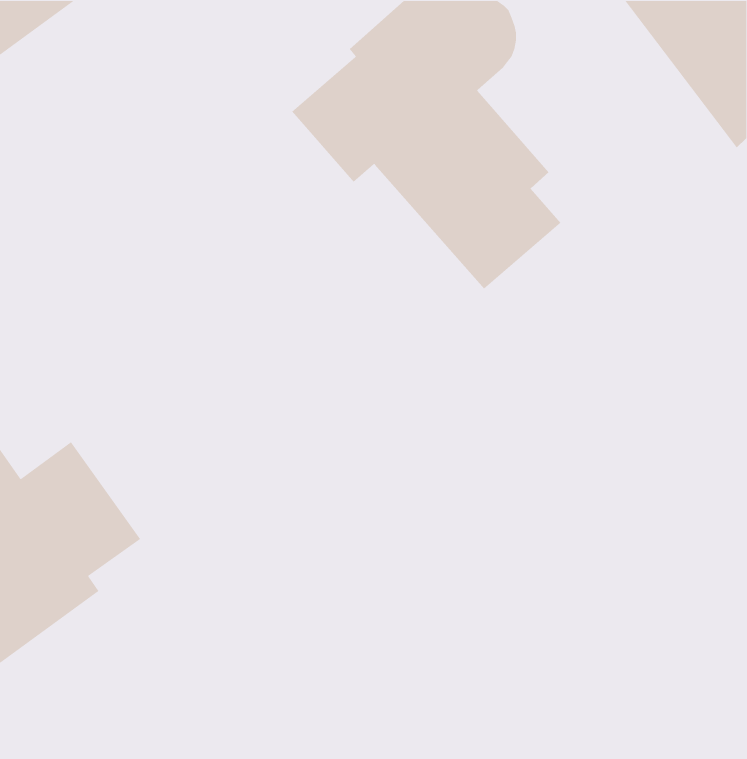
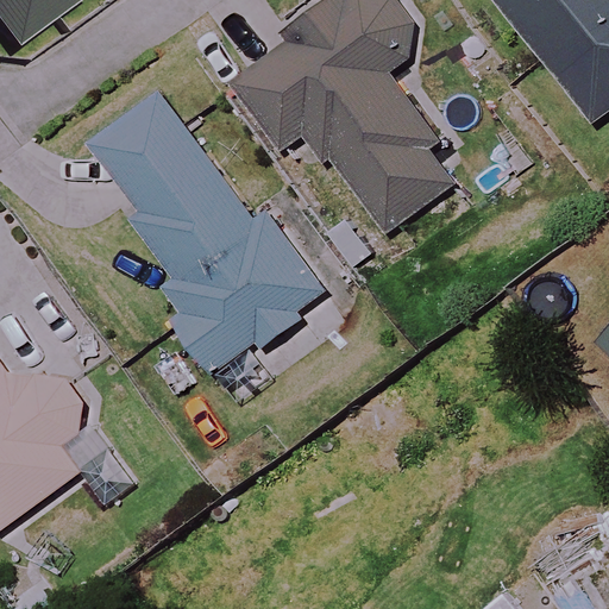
building: none -> [90,94,326,377]

